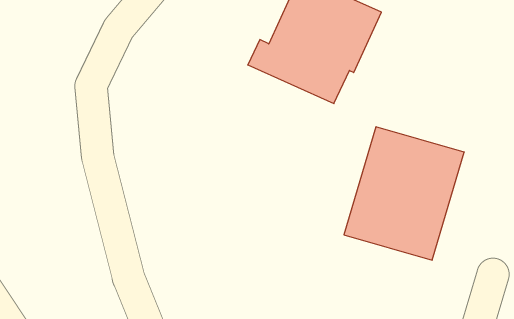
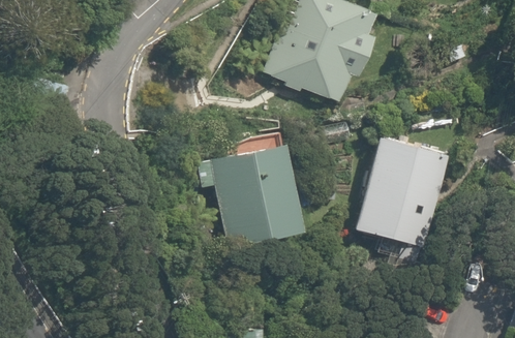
building: none -> [212,145,294,243]

